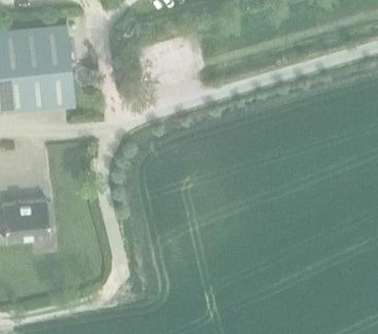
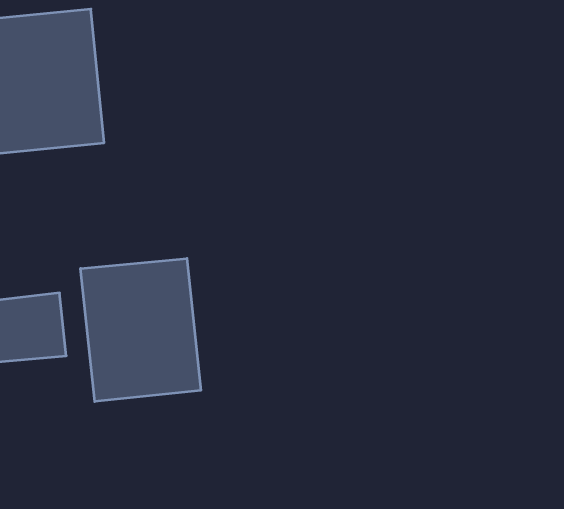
building: none -> [81,258,201,402]

